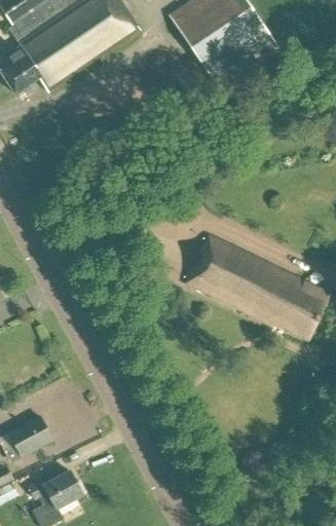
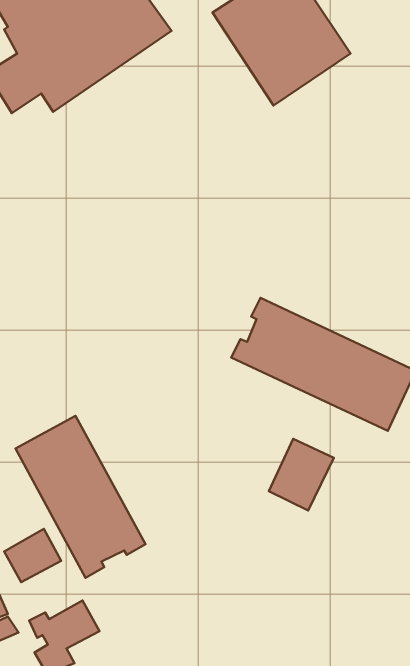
building: none -> [15,416,146,578]
building: none -> [269,439,334,510]

